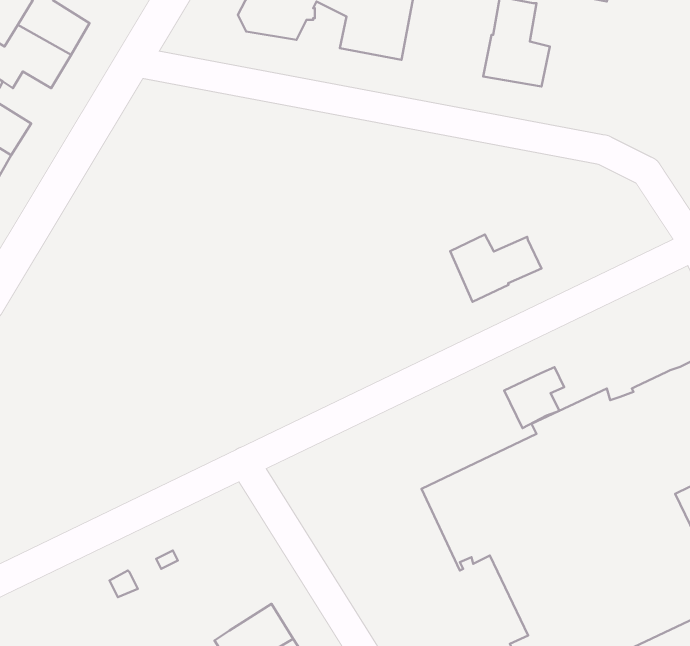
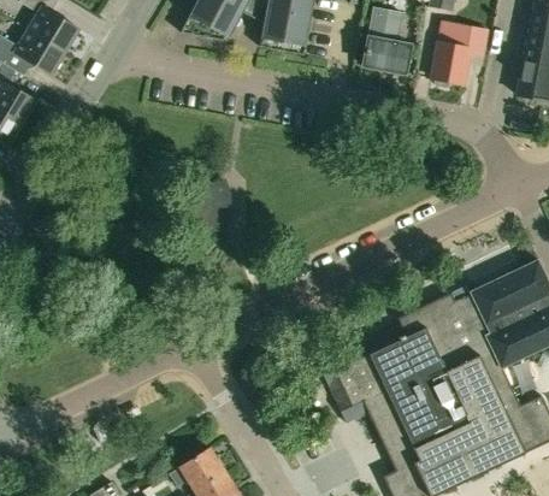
building: none -> [432,23,489,87]
building: [450,235,541,302] -> none
building: [504,367,564,428] -> none

